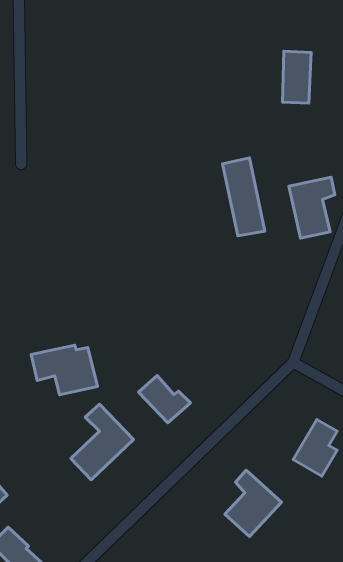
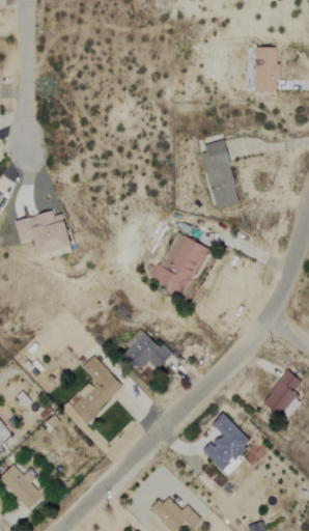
building: [289,177,335,238] -> none
building: none -> [151,231,208,295]
building: [31,345,97,395] -> [15,212,73,255]

